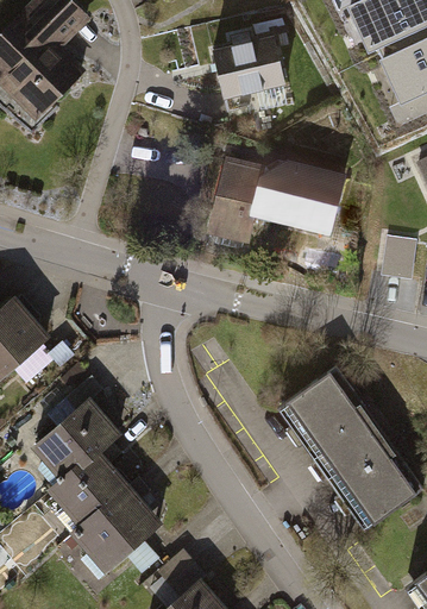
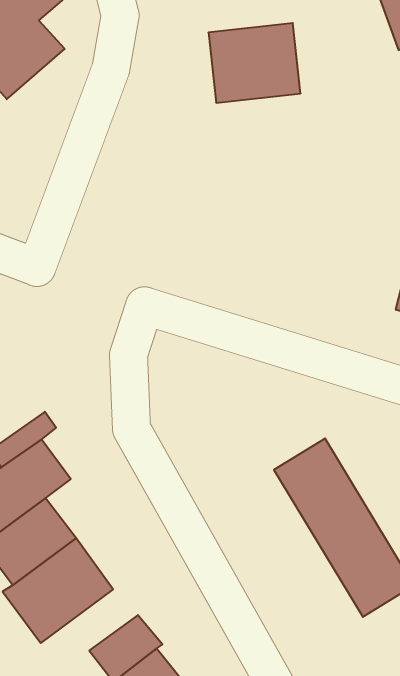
building: [211,162,344,250] -> none

